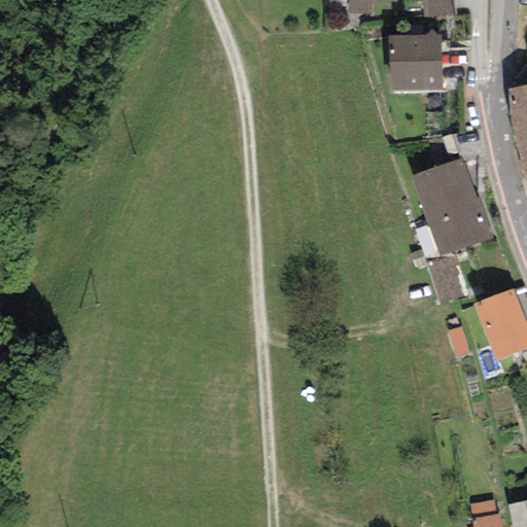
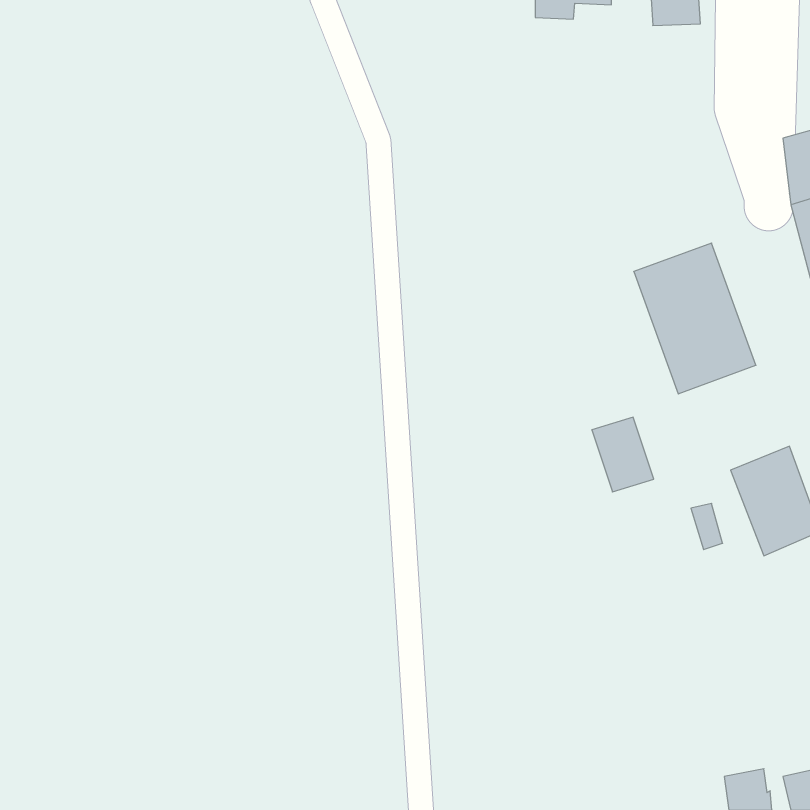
building: [390,34,443,92] -> none
building: [428,254,468,303] -> [592,417,654,492]

